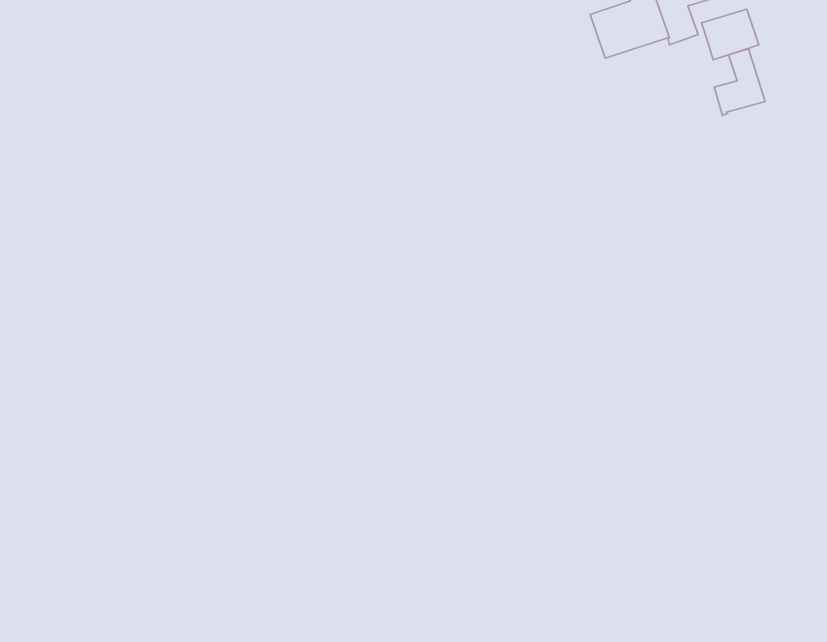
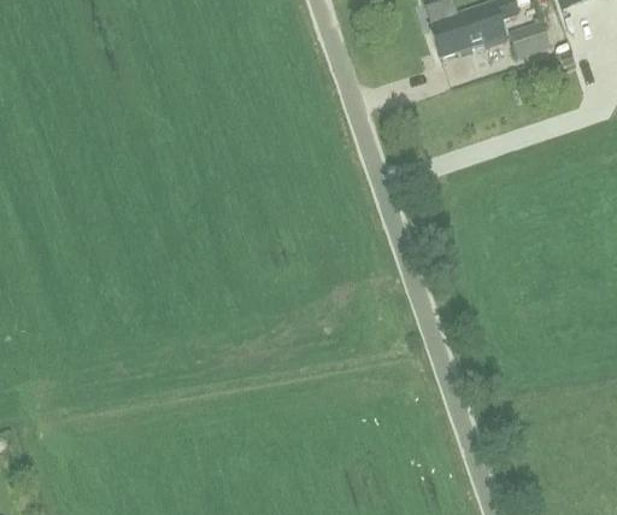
building: [714,49,765,116] -> none

